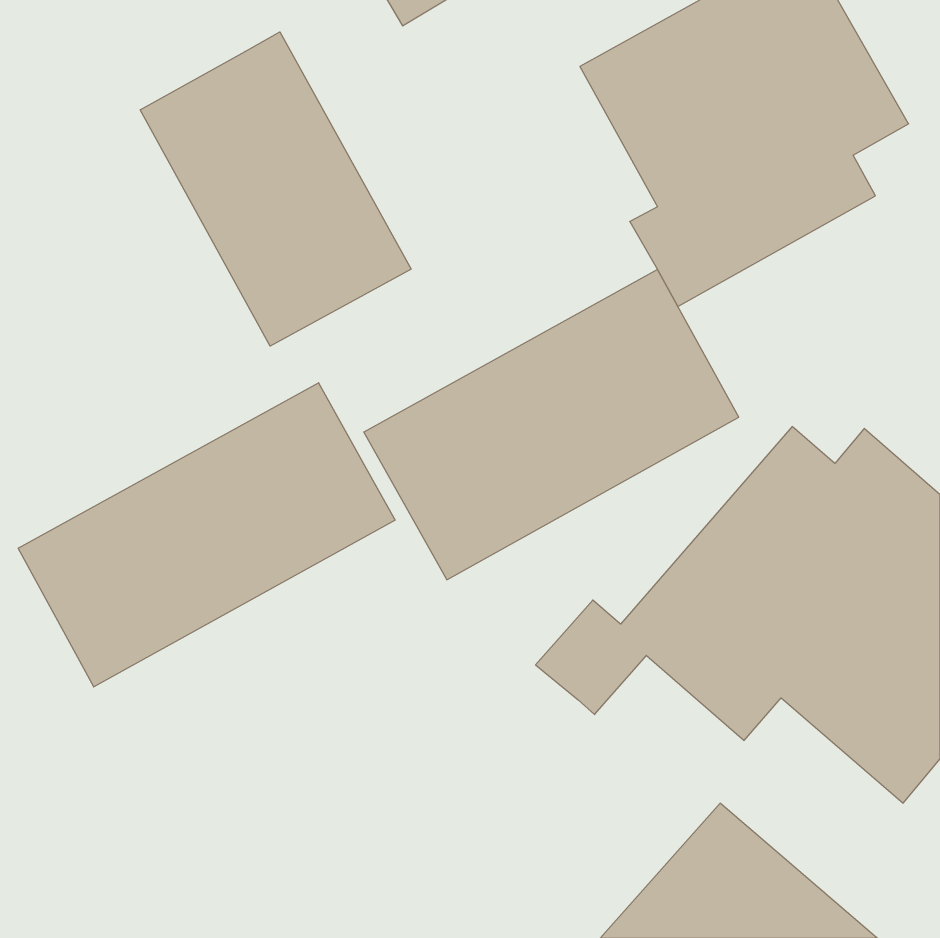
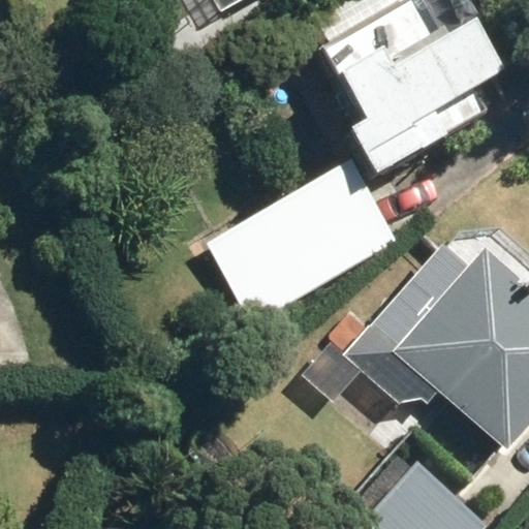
building: [140,32,411,346] -> none
building: [18,383,395,687] -> none

